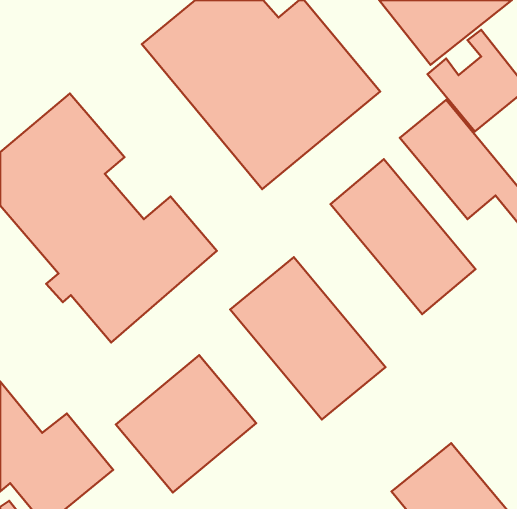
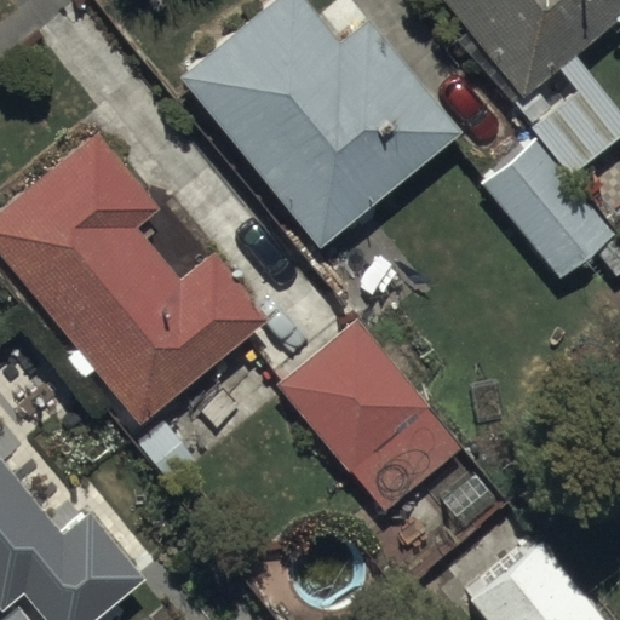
building: [331,159,475,314] -> none
building: [116,355,256,492] -> none

